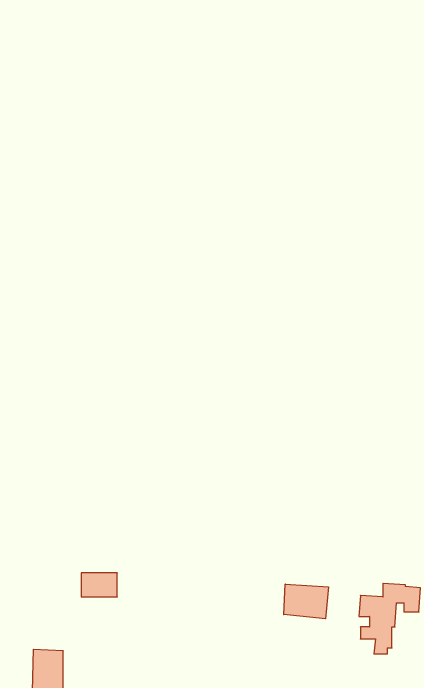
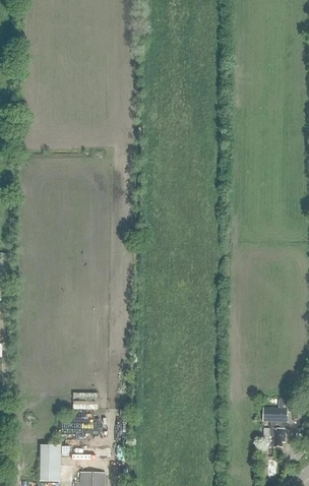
building: [284,584,328,619] -> none

